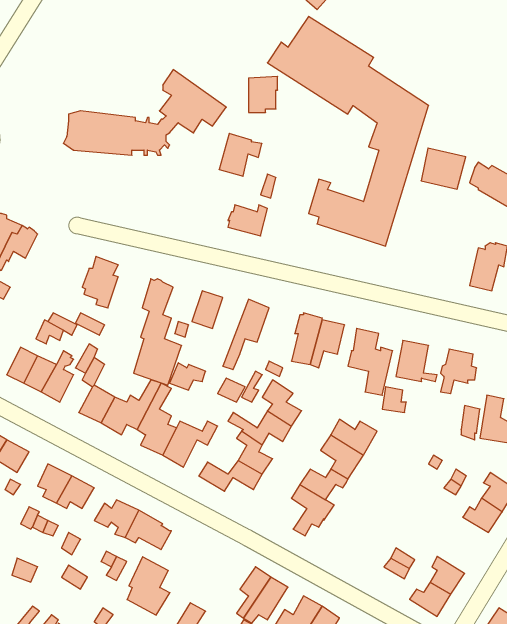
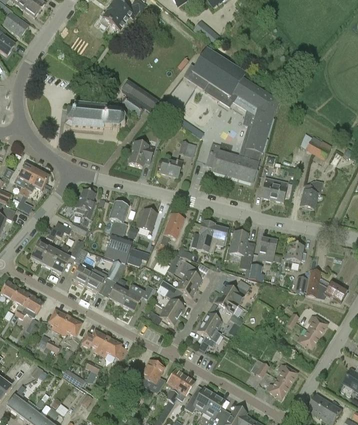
building: [219,133,262,176] -> [128,141,153,166]
building: [421,148,466,189] -> [261,177,287,201]
building: [127,557,170,615] -> [140,358,165,392]

